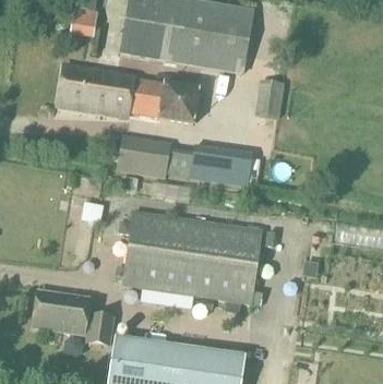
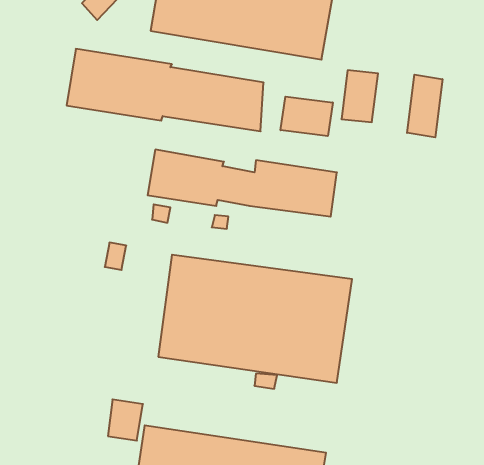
building: none -> [407,75,442,137]
building: none -> [281,97,333,136]
building: [34,291,89,335] -> none

